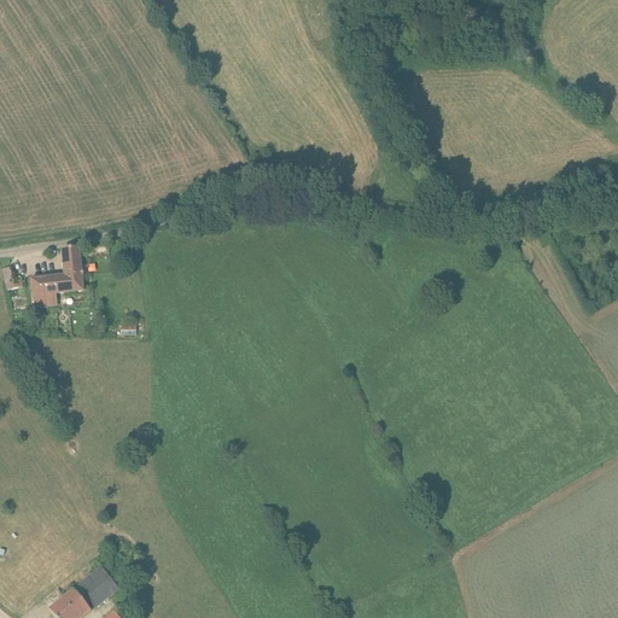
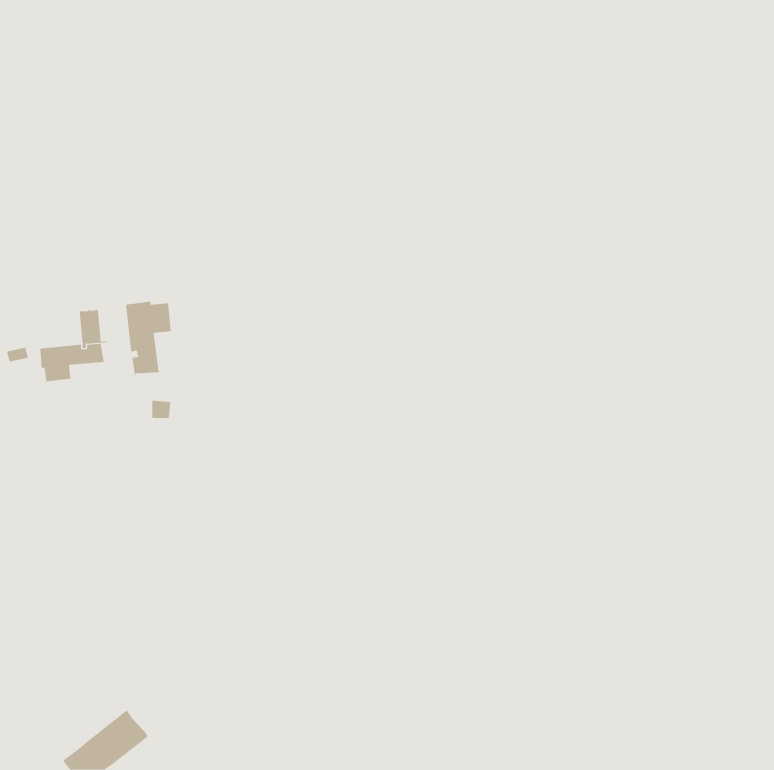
building: none -> [126,301,171,381]

